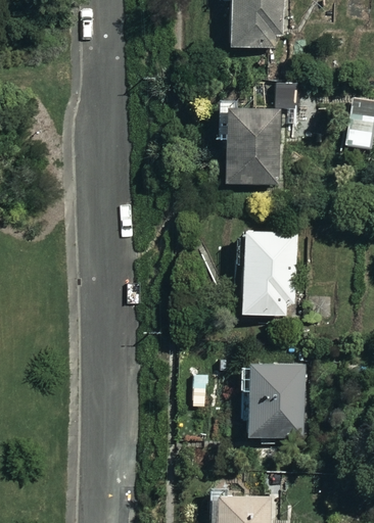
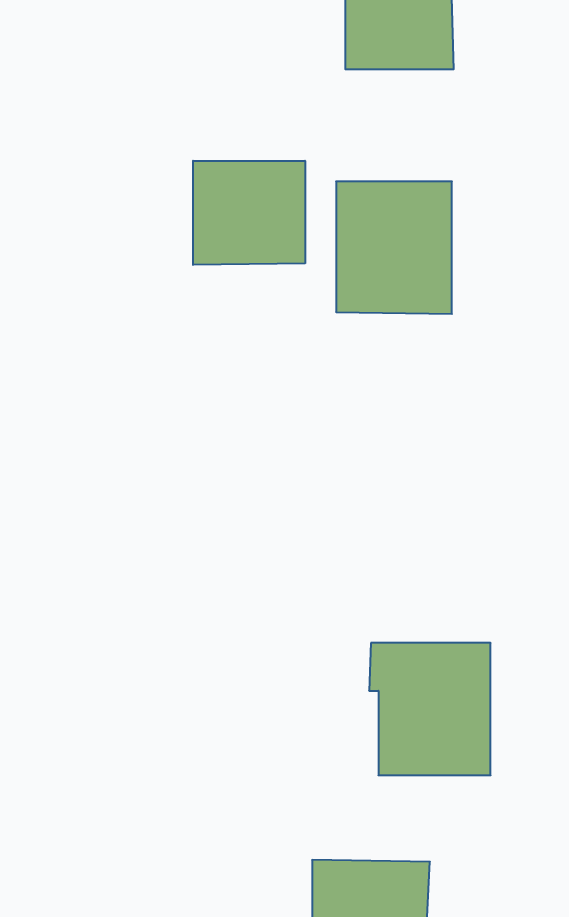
building: none -> [193,161,305,265]
building: [237,230,298,317] -> none

